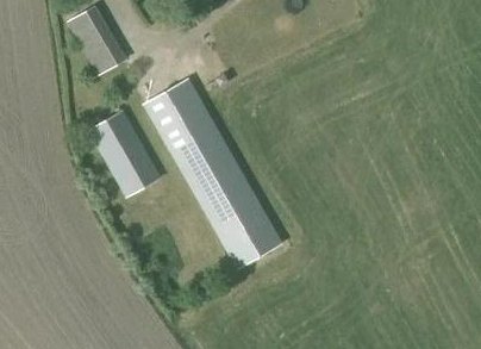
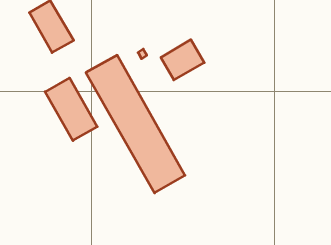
building: none -> [161,40,204,80]

